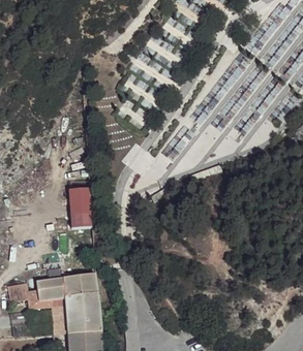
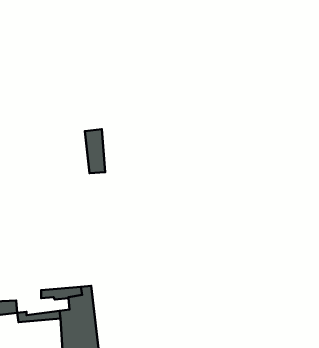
building: [69,185,88,225] -> [85,129,105,173]
building: [34,283,74,299] -> none

